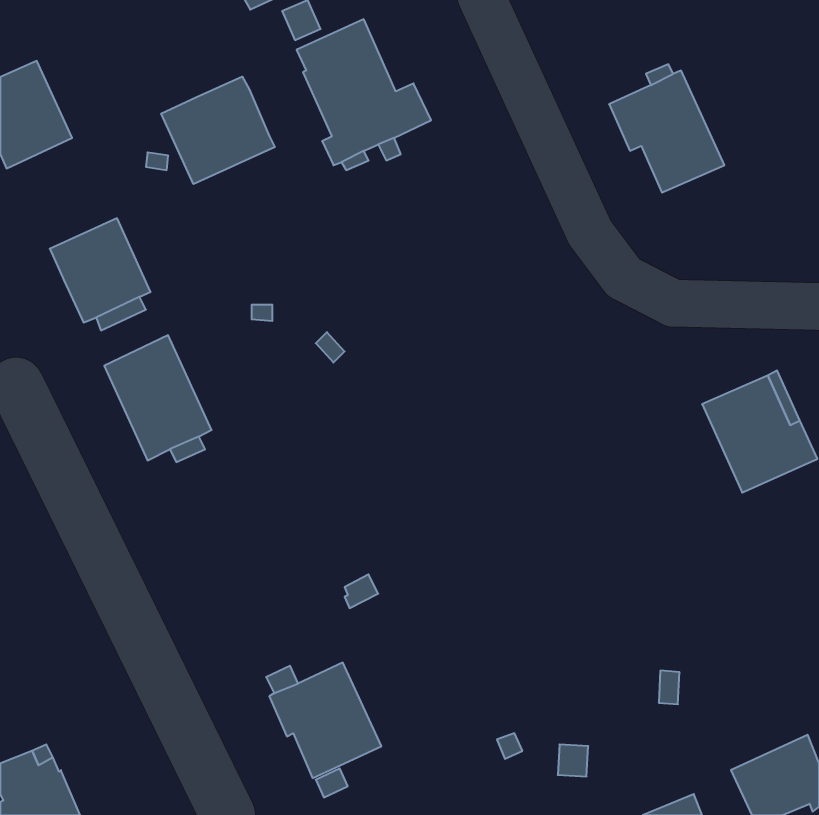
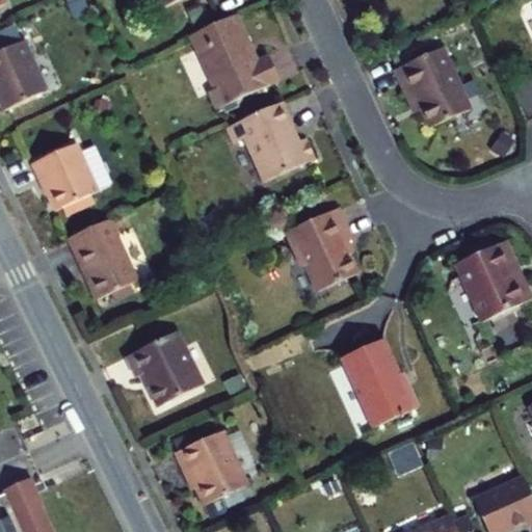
building: [161,77,275,184] -> none
building: none -> [225,100,316,180]
building: none -> [285,206,356,290]
building: none -> [126,330,202,404]
building: none -> [341,338,417,426]

